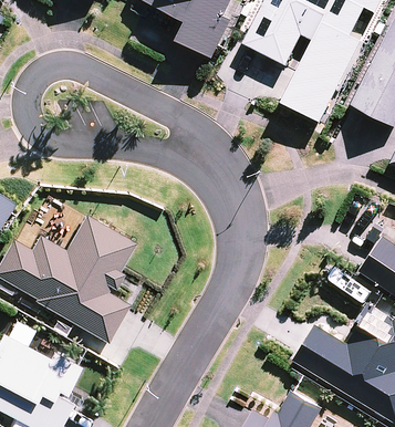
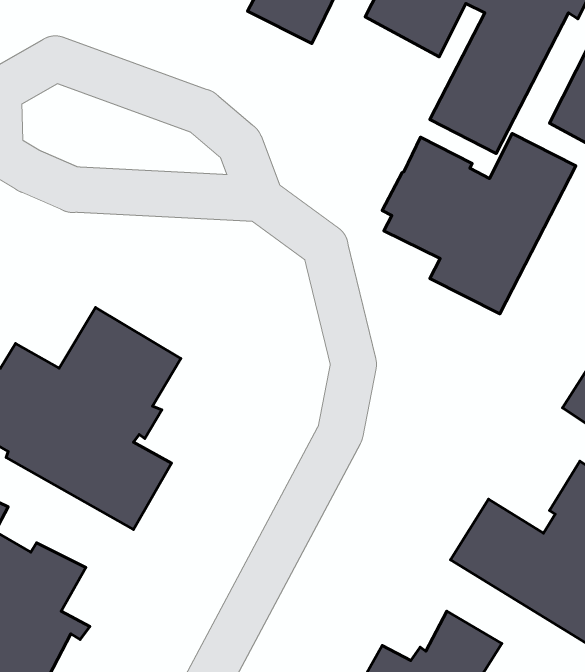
building: none -> [382,134,576,314]

